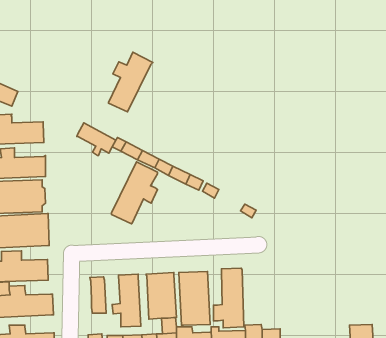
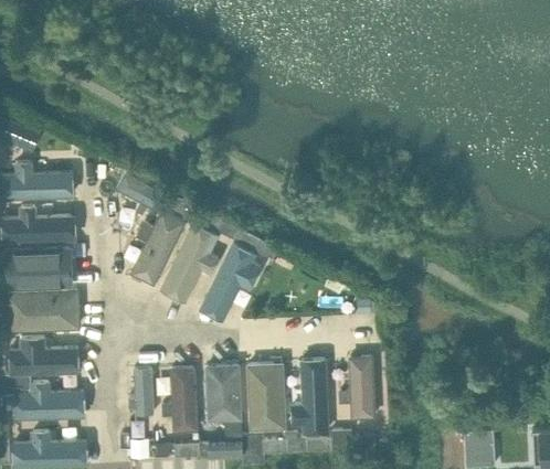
building: [109,52,153,112] -> [130,209,187,285]
building: none -> [199,242,262,321]
building: none -> [339,355,376,419]

